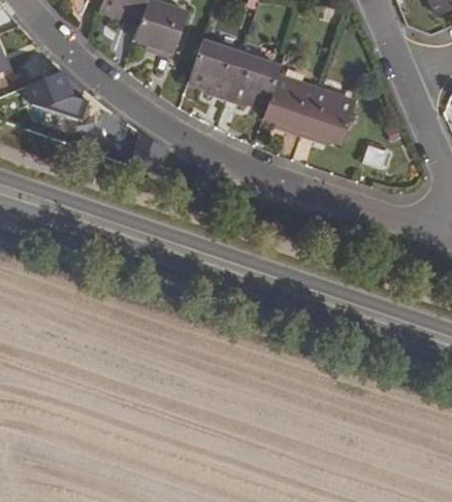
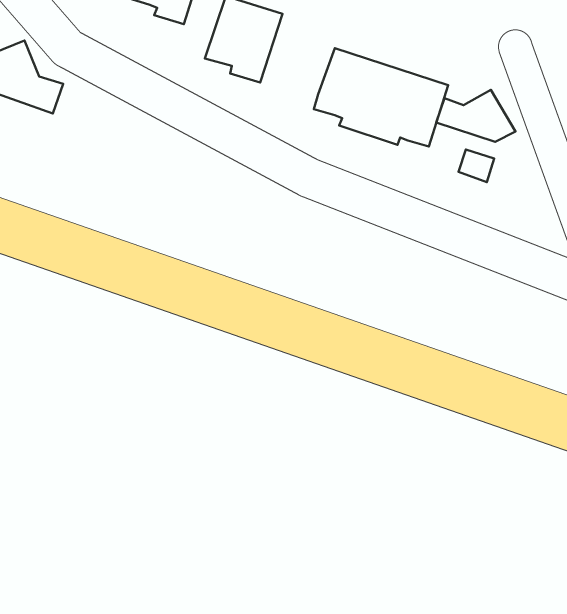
building: [225,52,280,107] -> none
building: none -> [436,90,516,142]

